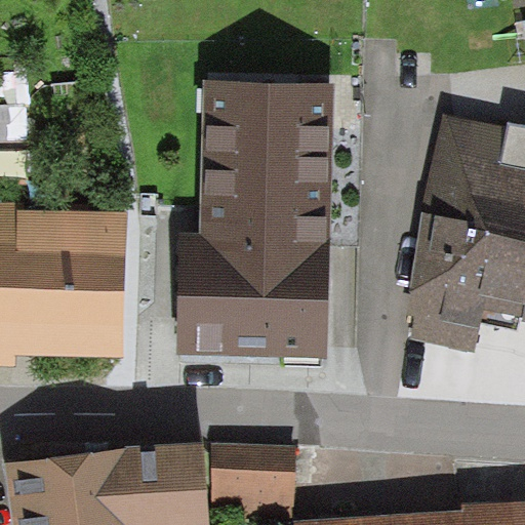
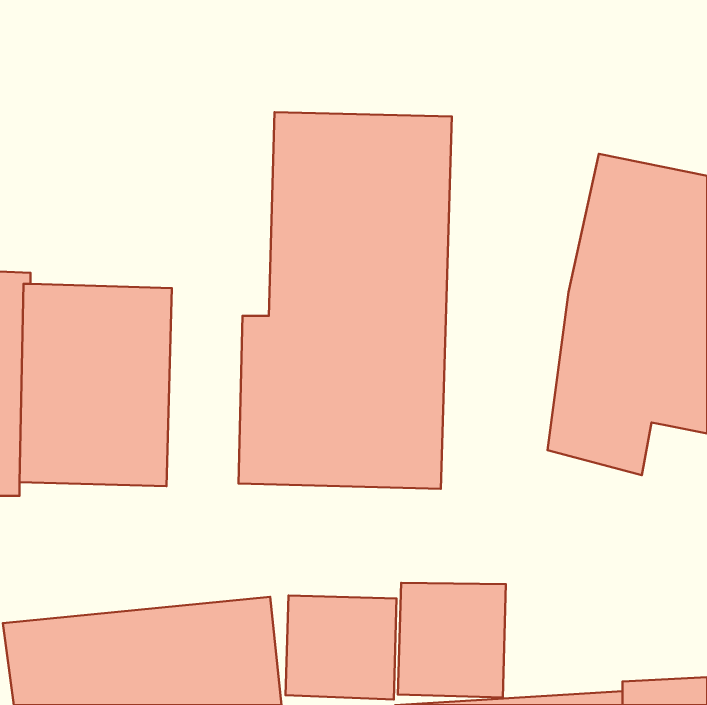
building: none -> [398,583,506,697]

